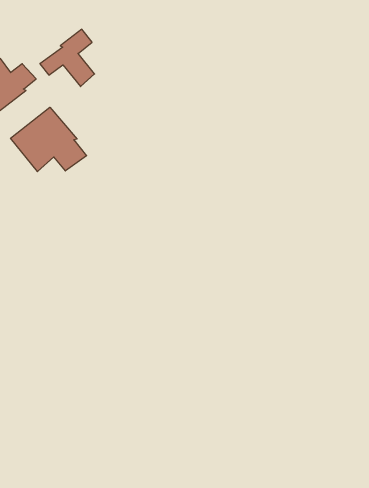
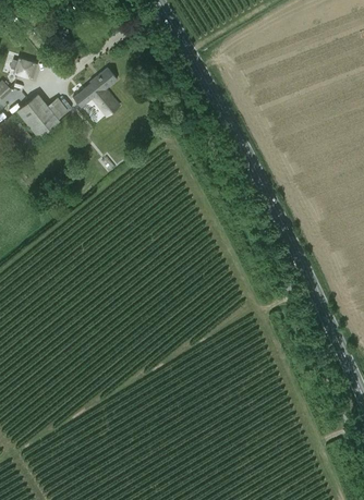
building: [11,107,87,172] -> none

